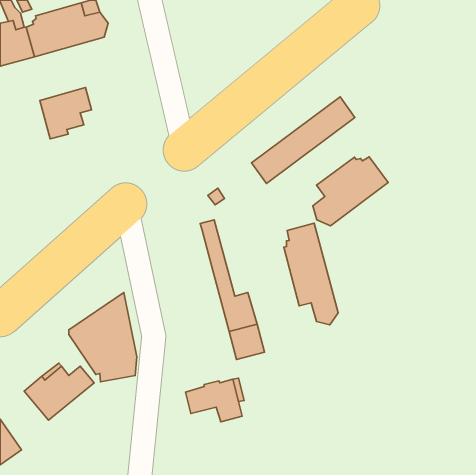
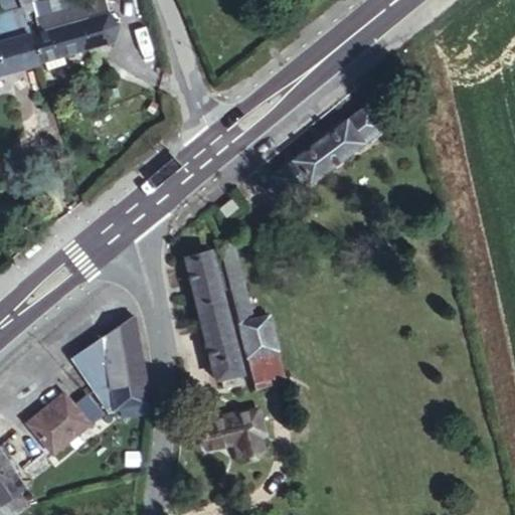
building: [40,88,92,139] -> none
building: [313,157,388,226] -> none
building: [284,223,338,325] -> none
building: none -> [186,249,241,386]

